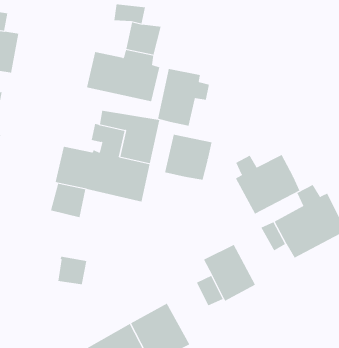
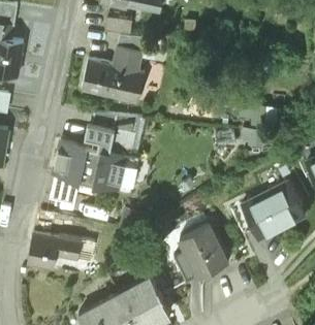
building: [158,68,209,127] -> none
building: [164,134,212,181] -> none
building: [235,154,300,214] -> none
building: none -> [28,233,59,268]

